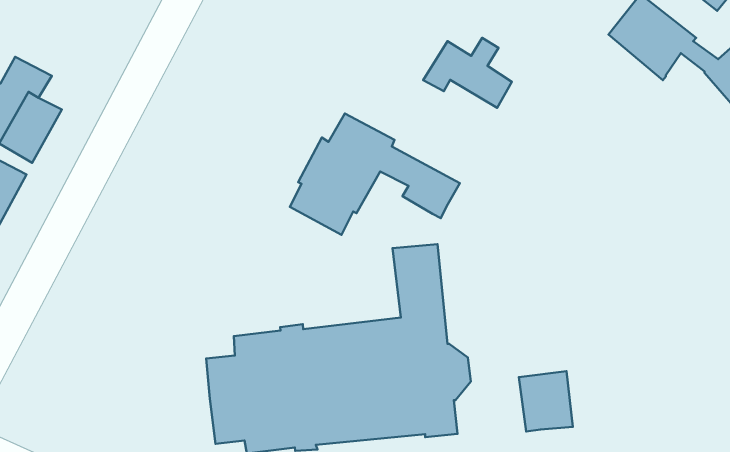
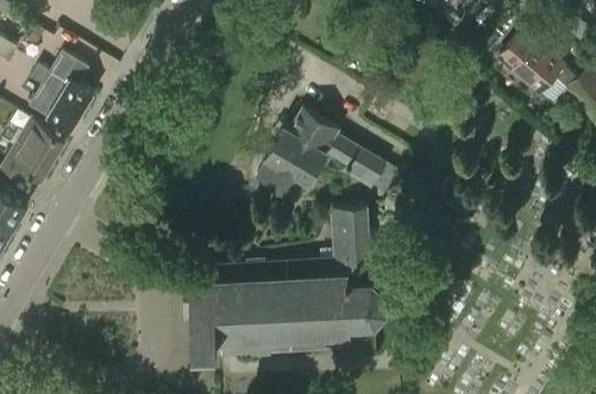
building: [423,38,512,108] -> none
building: [519,371,573,431] -> none

